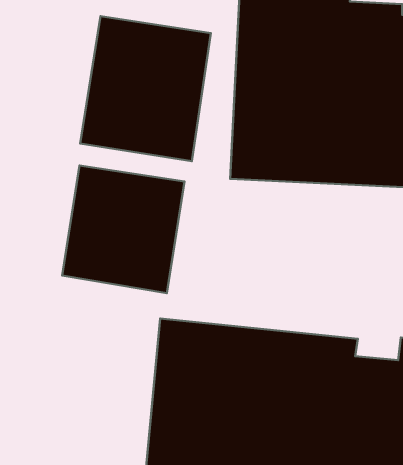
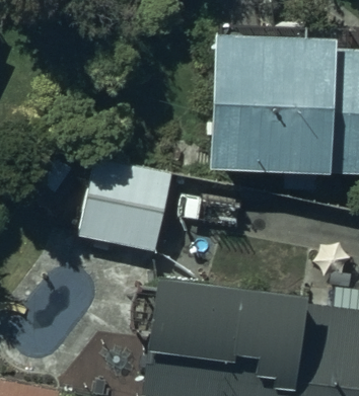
building: [80,16,211,161] -> none

